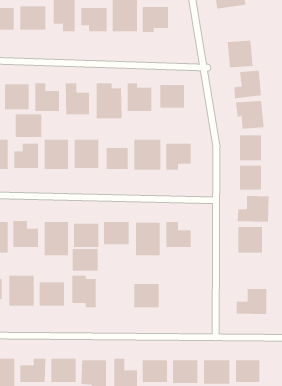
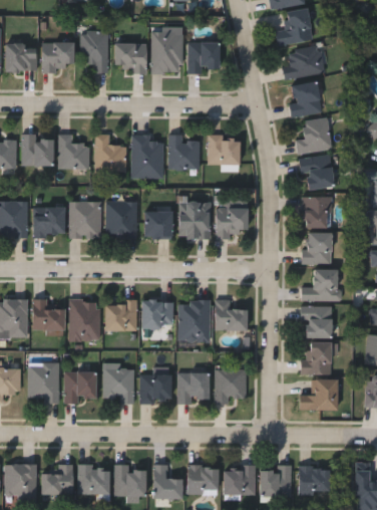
building: none -> [282,48,324,78]
building: [15,114,42,138] -> none
building: [72,248,99,271] -> [139,376,171,404]
building: none -> [302,343,332,374]
building: none -> [216,370,246,402]

